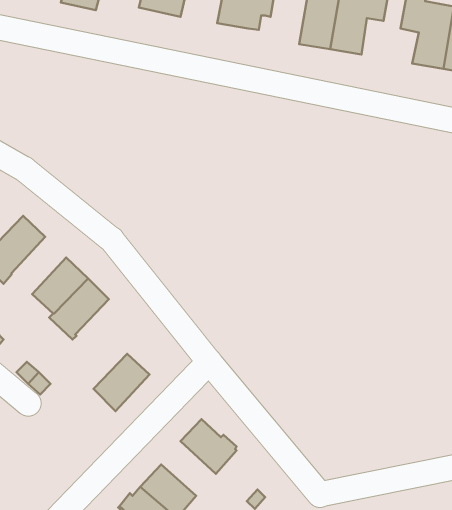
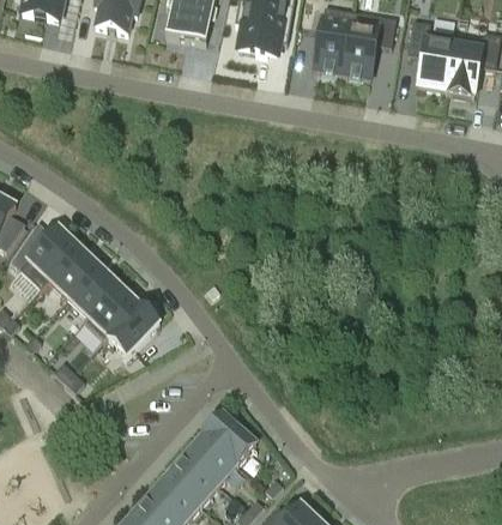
building: none -> [48,245,98,297]
building: [93,354,149,411] -> [107,302,158,355]
building: none -> [186,433,236,483]

